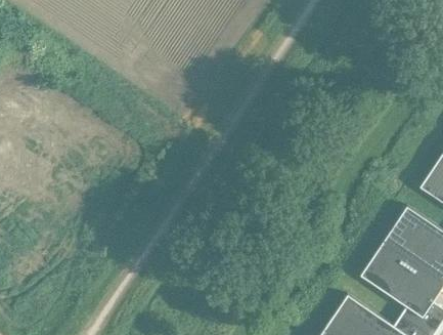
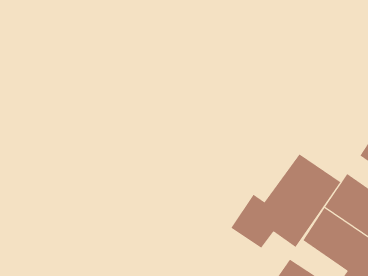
building: none -> [231,153,341,249]

